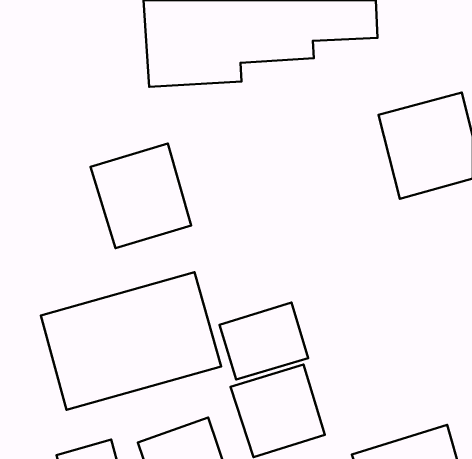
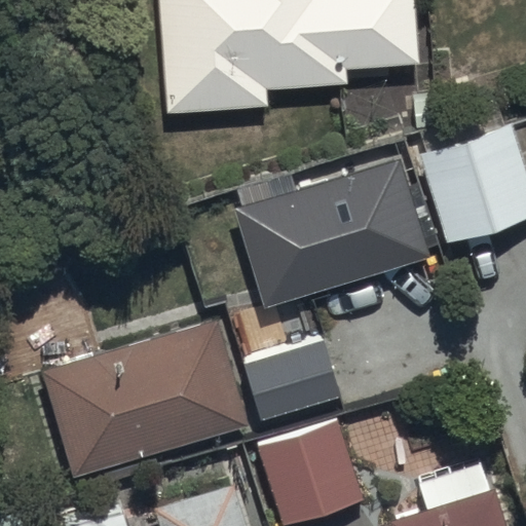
building: [91,143,191,248] -> none
building: none -> [236,175,431,323]

